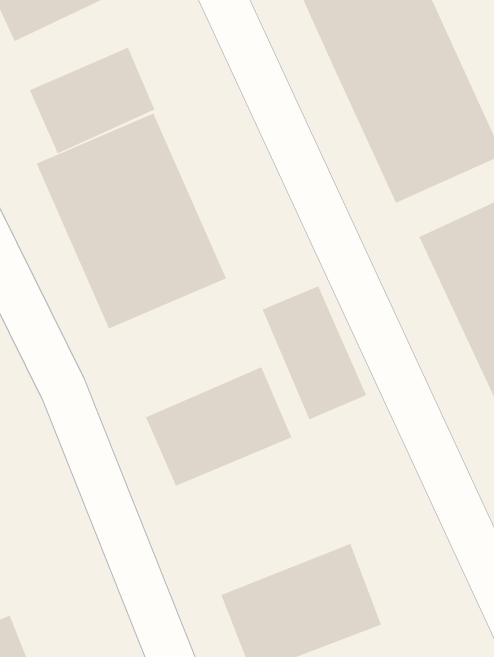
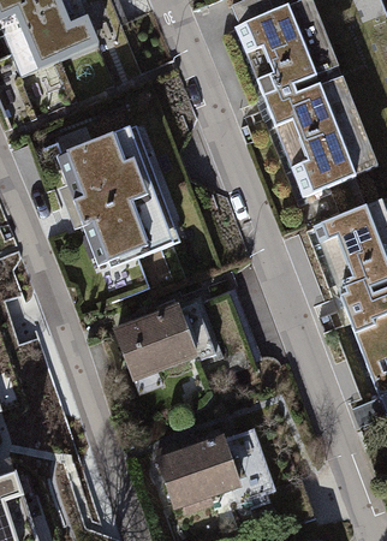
building: [29,47,155,154] -> none
building: [262,285,367,420] -> none

